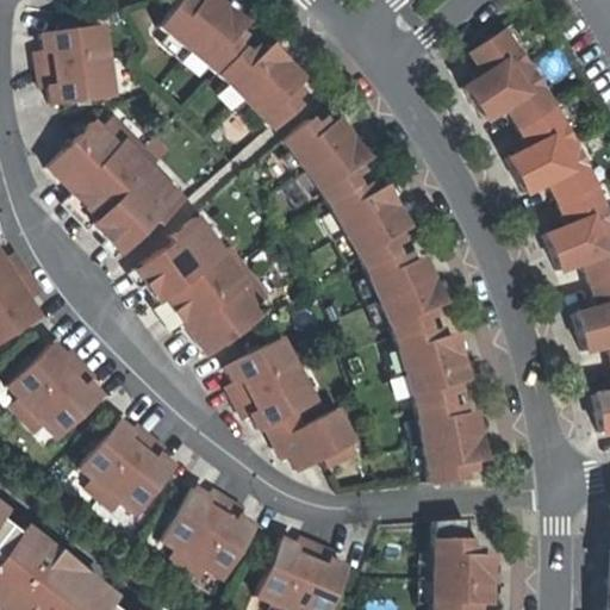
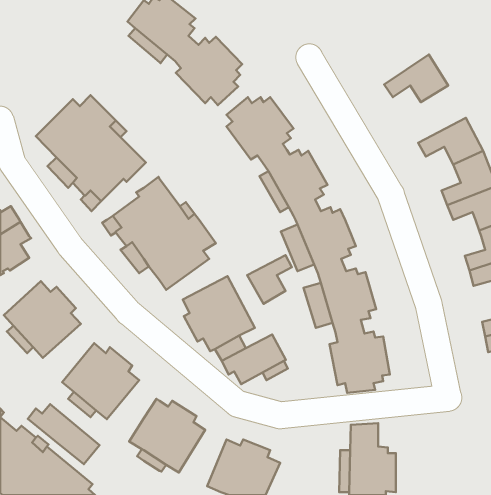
building: [41,25,117,105] -> none
building: [467,29,533,104] -> none
building: [511,105,578,175] -> none
building: none -> [247,255,292,304]
building: none -> [28,404,100,464]

